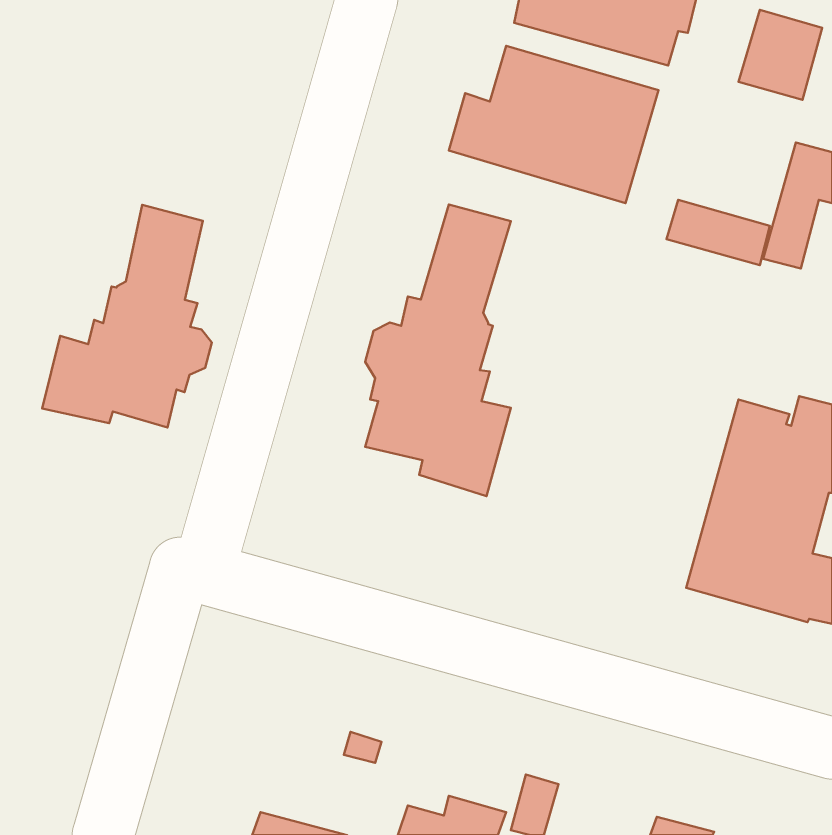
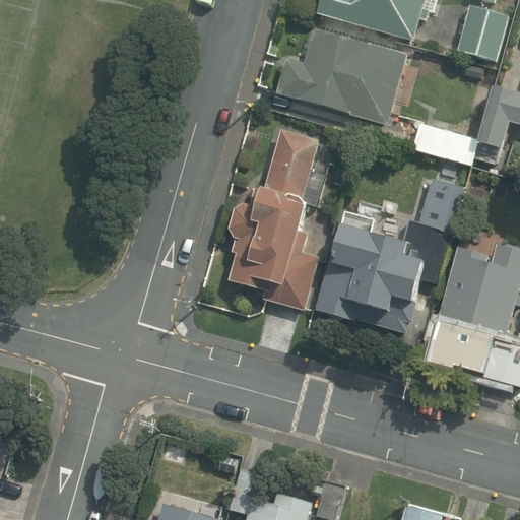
building: [42,205,212,428] -> none
building: none -> [314,175,462,330]

